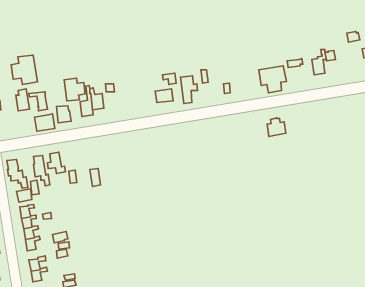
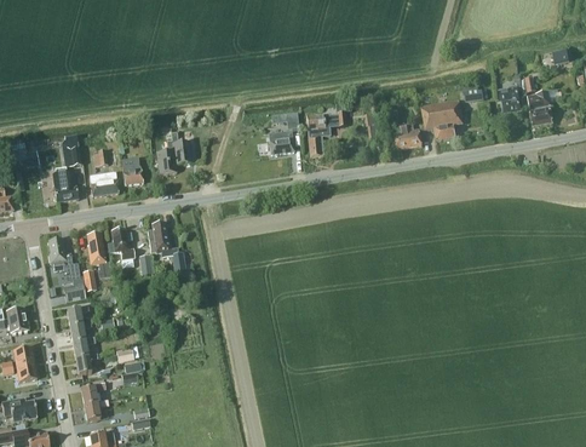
building: [11,55,37,84] -> none
building: none -> [527,92,551,125]
building: [64,78,85,101] -> none
building: none -> [52,172,77,202]
building: [267,118,286,137] -> [393,121,421,149]
building: none -> [146,222,171,252]

